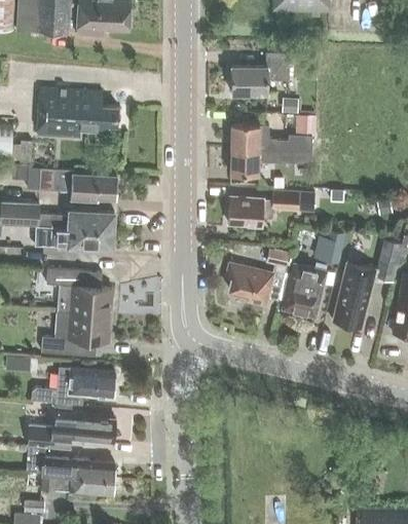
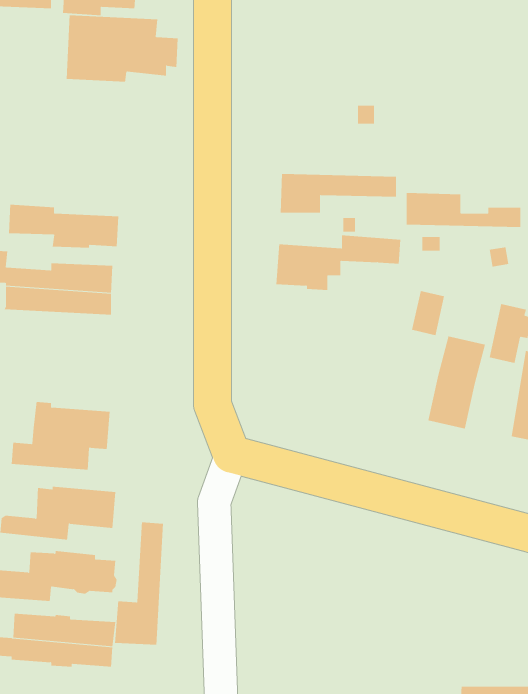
building: [231,52,289,93] -> none
building: [38,89,117,137] -> [66,15,178,82]
building: [231,124,312,149] -> [406,193,521,228]
building: [227,248,291,304] -> none
building: [284,266,325,316] -> none
building: [46,268,113,314] -> none
building: none -> [114,521,163,645]

